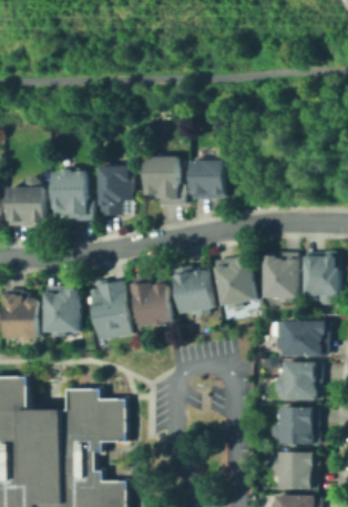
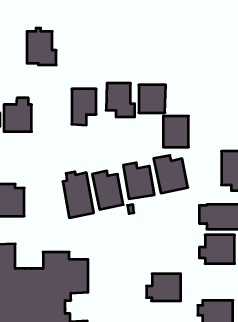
building: [54,170,94,220] -> [27,28,56,65]
building: [262,255,296,297] -> [163,116,189,147]
building: [43,286,78,336] -> none
building: [270,408,317,445] -> [146,274,181,301]

